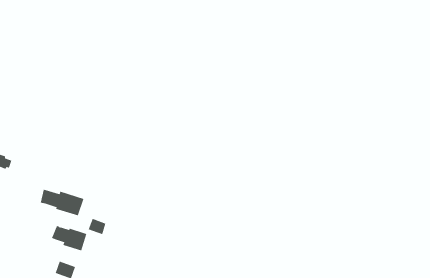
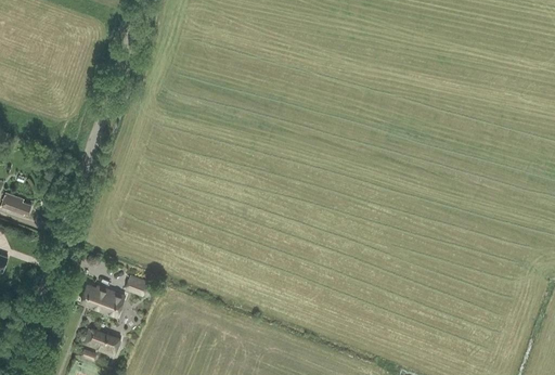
building: [40,189,84,216] -> none

